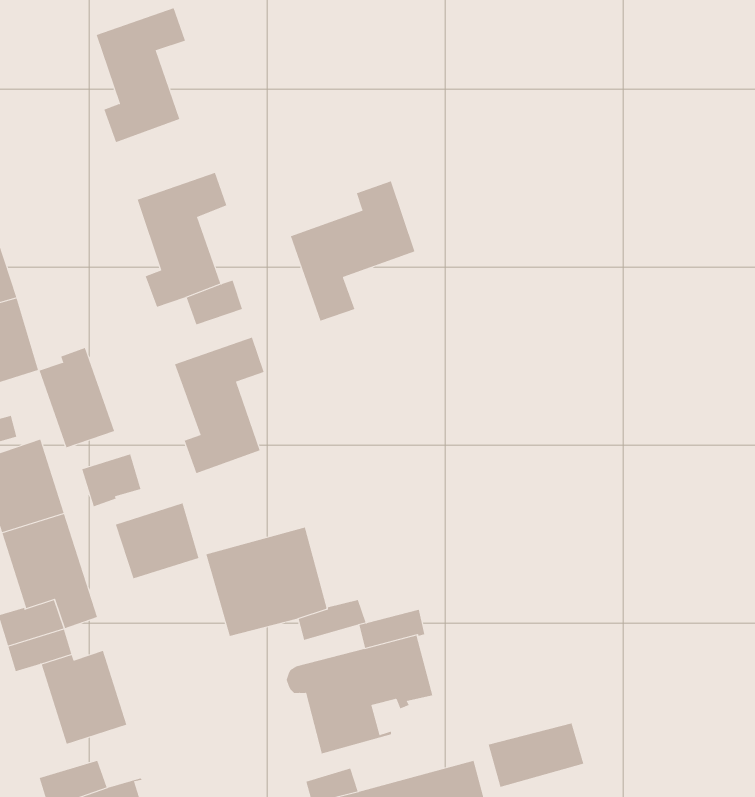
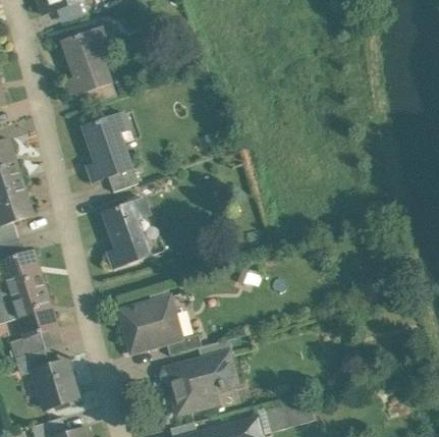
building: [290,181,415,321] -> none
building: [39,347,115,448] -> none
building: [81,453,141,507] -> none
building: [115,503,199,579] -> none

